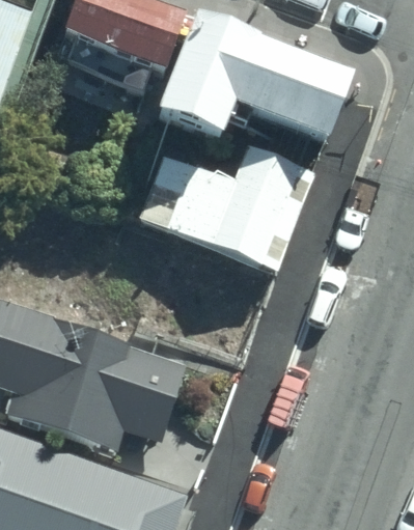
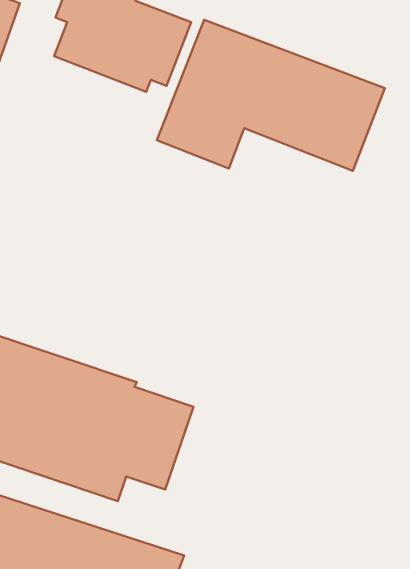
building: [138,141,312,271] -> none

